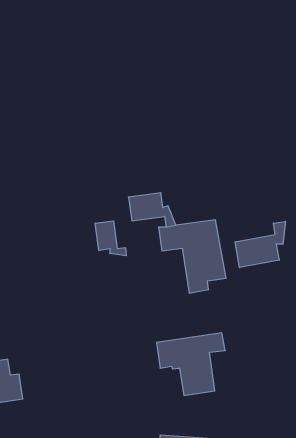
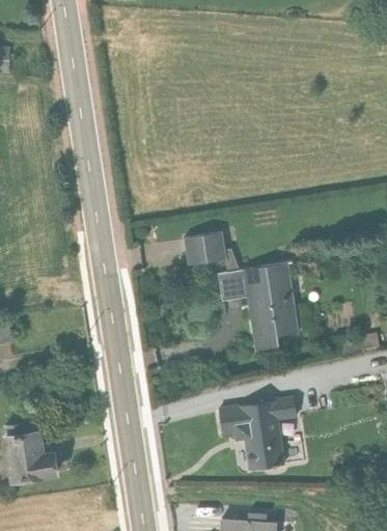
building: [95,221,126,256] -> none
building: [235,221,285,268] -> none

